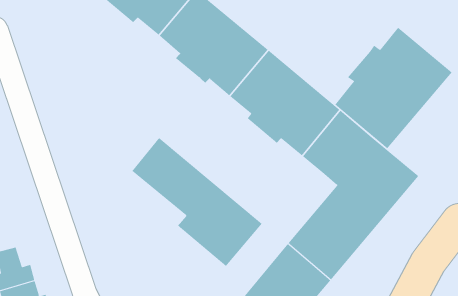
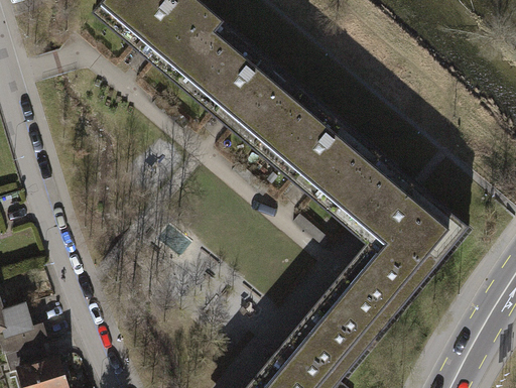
building: [334,27,452,149] -> none
building: [132,137,262,267] -> none

